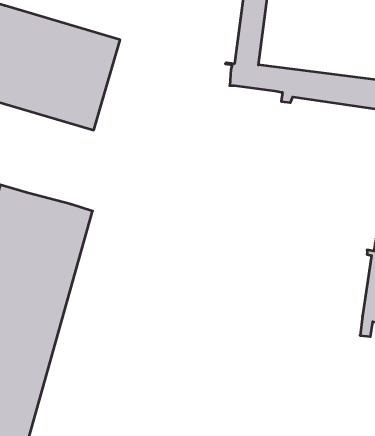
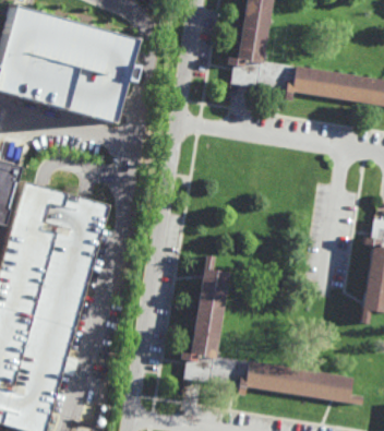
building: none -> [182,252,365,405]

